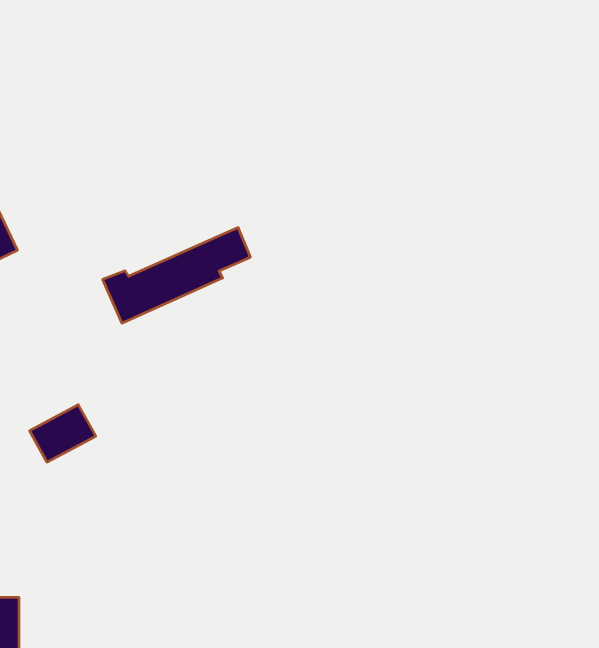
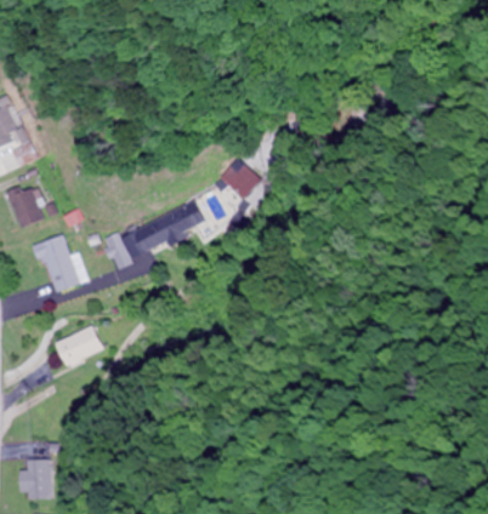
building: none -> [221,159,261,199]
building: none -> [39,235,80,293]

